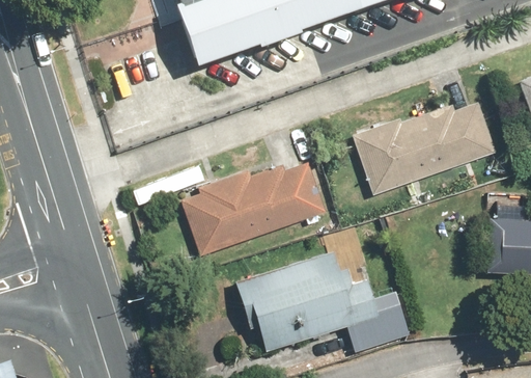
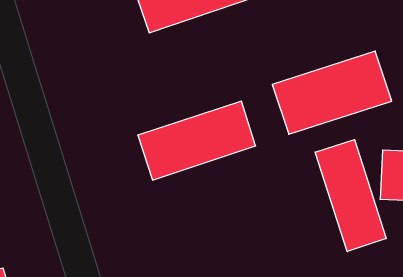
building: none -> [315,140,386,252]
building: [235,237,428,357] -> none

